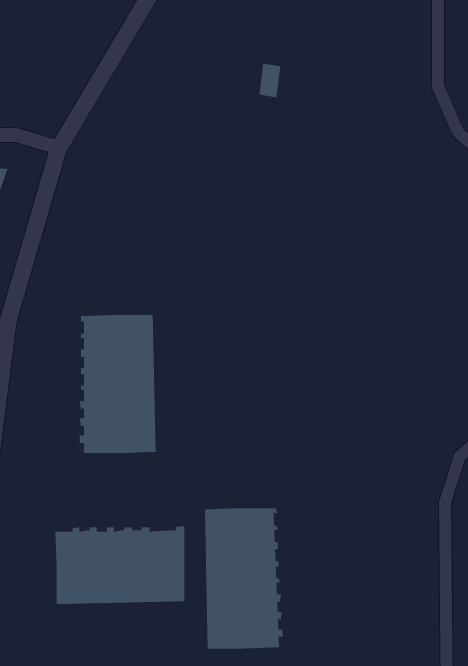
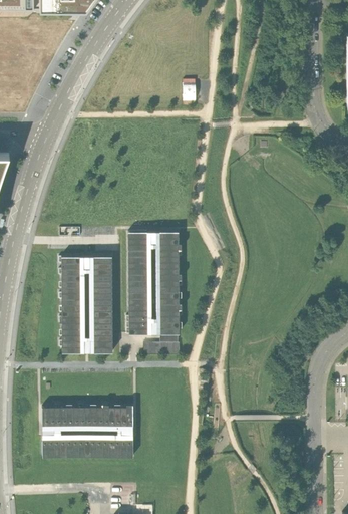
building: none -> [124,231,181,355]
building: [204,507,283,649] -> none

